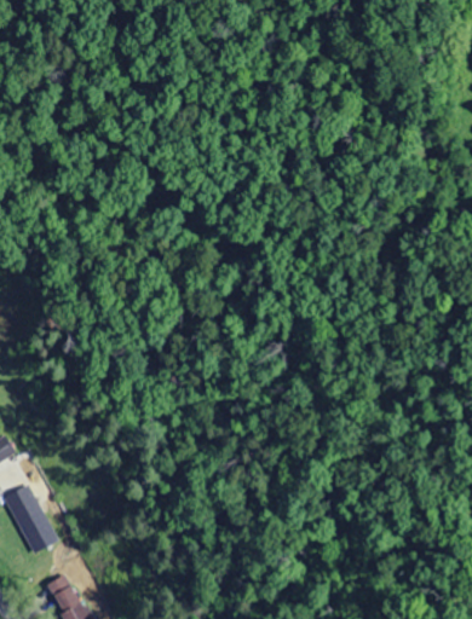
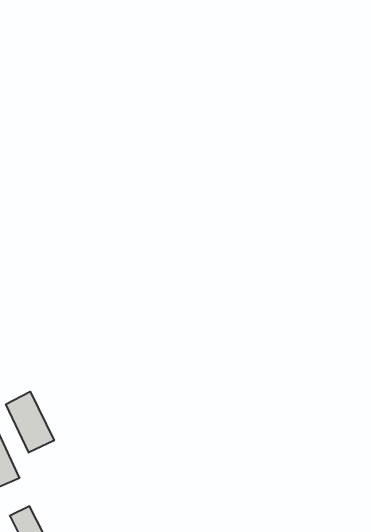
building: none -> [6,392,54,453]

